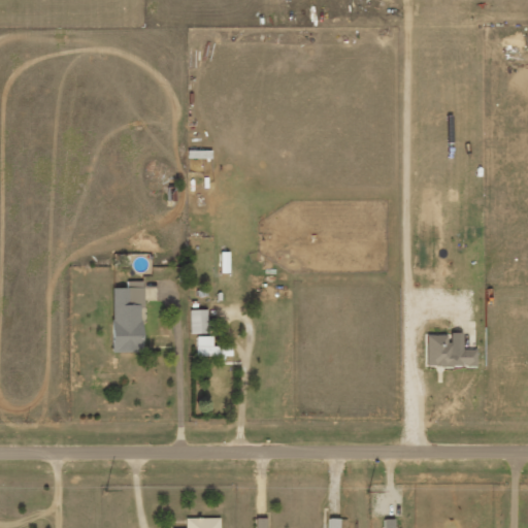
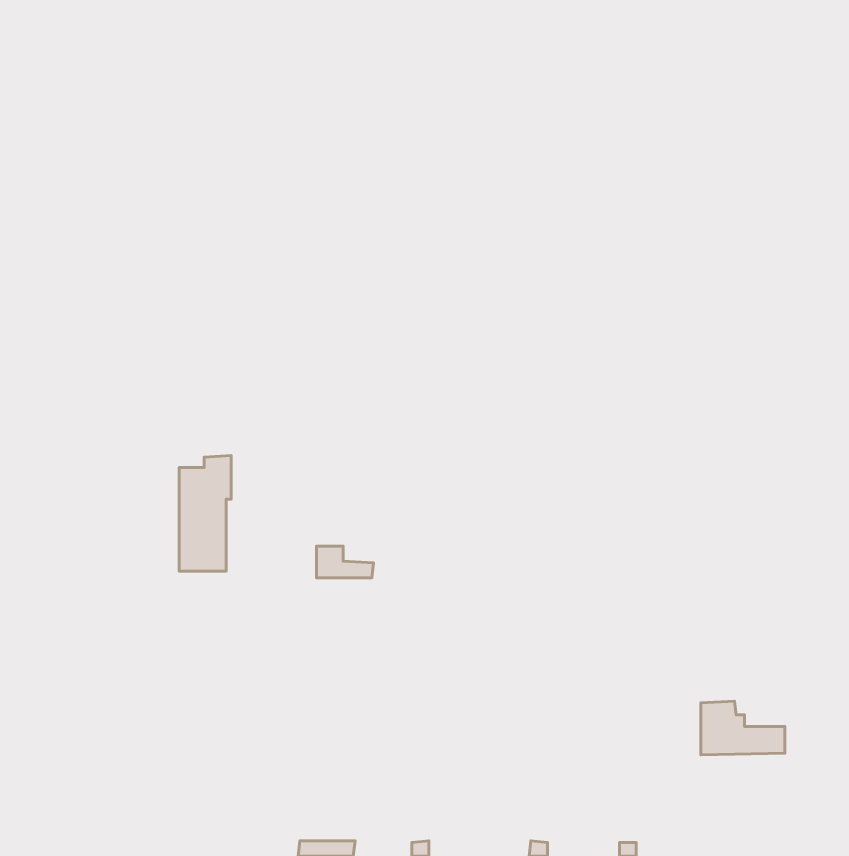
building: [192,309,209,333] -> none
building: [428,334,480,367] -> [701,701,785,755]

